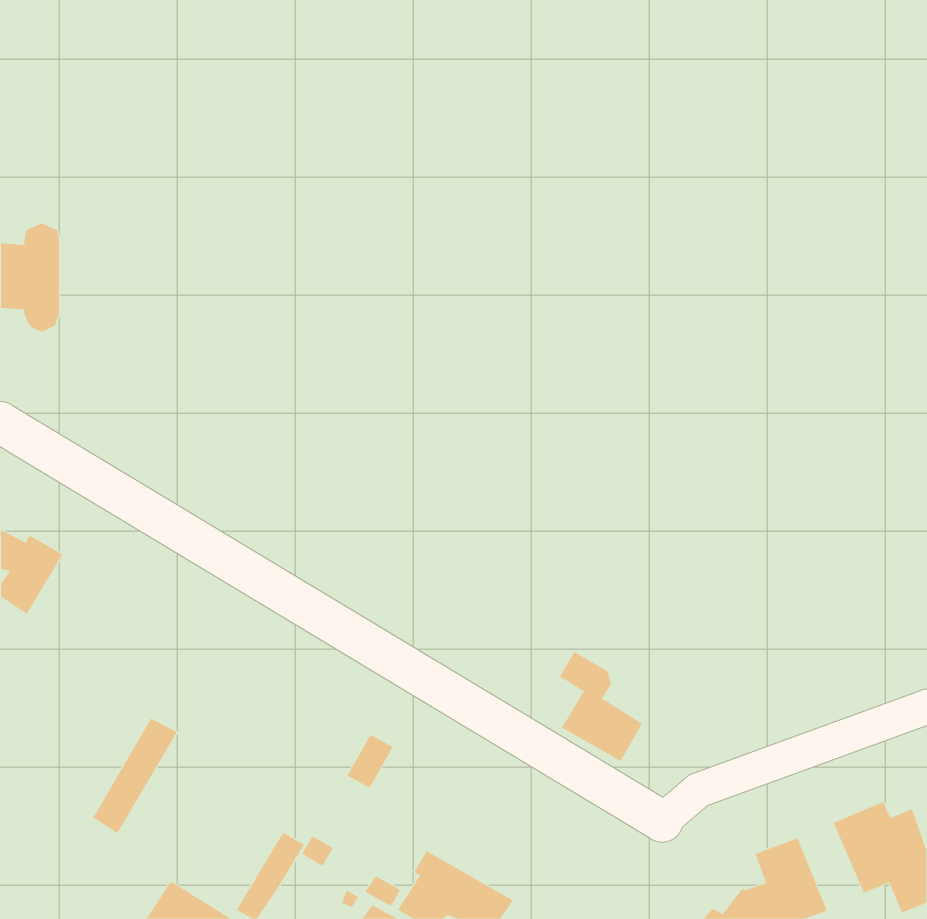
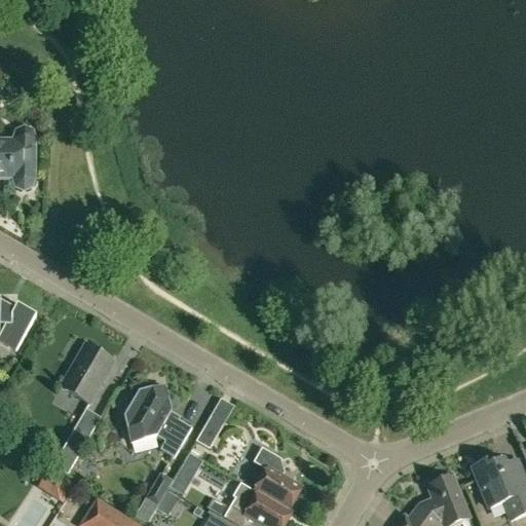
building: none -> [61,343,114,402]
building: [559,651,643,762] -> [253,446,300,509]
building: none -> [124,384,192,456]

